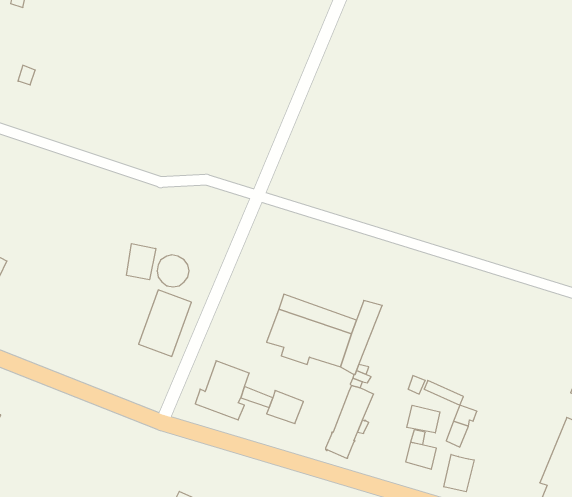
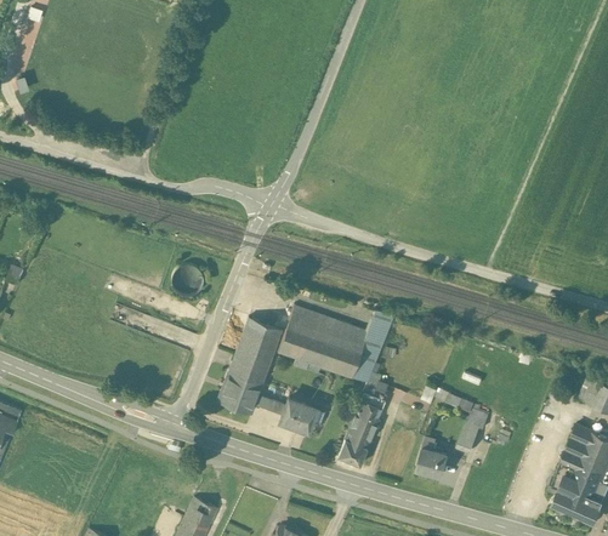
building: [127,244,156,280] -> none
building: [139,290,191,356] -> [231,315,283,381]
building: [407,405,440,433] -> none
building: [444,454,474,492] -> none

